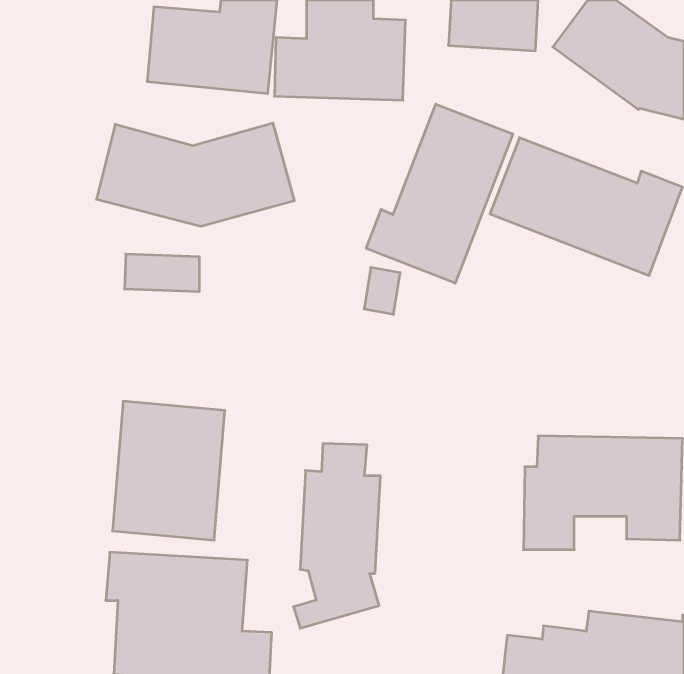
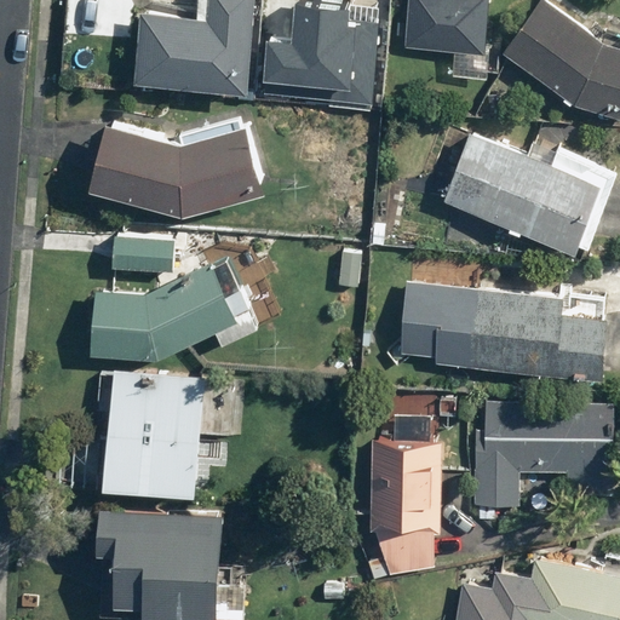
building: [366,104,513,283] -> none
building: none -> [92,256,262,360]
building: none -> [394,286,596,377]
building: [293,444,380,628] -> [363,417,442,584]

